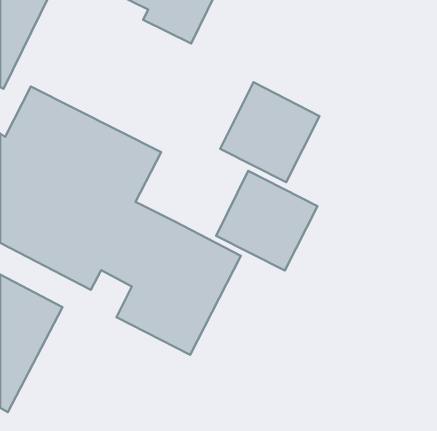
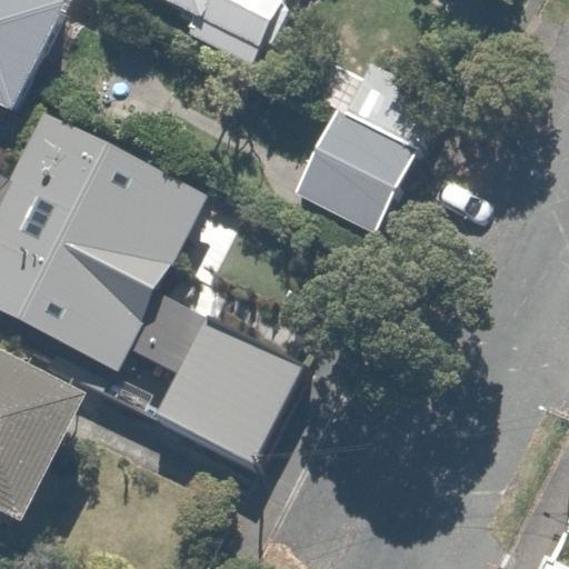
building: [216,171,318,271] -> none

